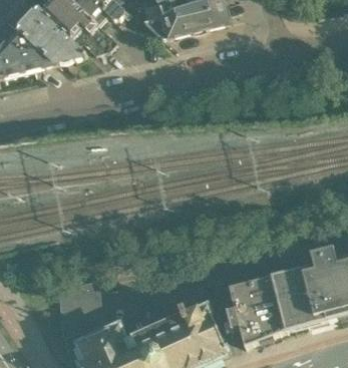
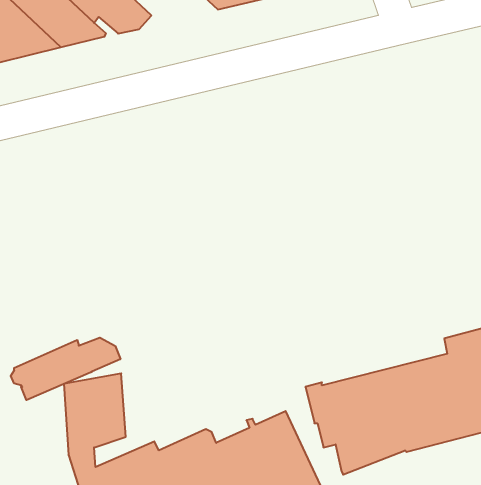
building: none -> [11,338,120,400]

